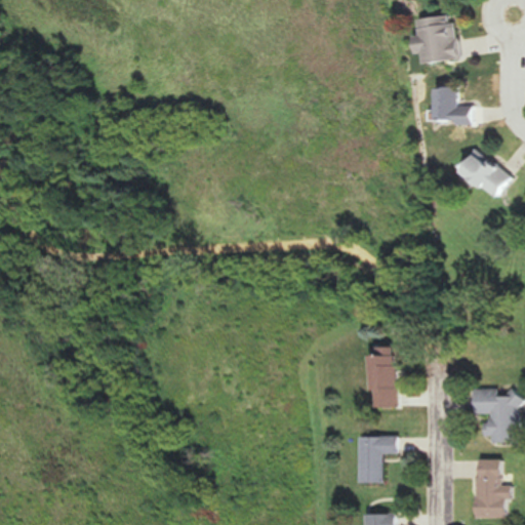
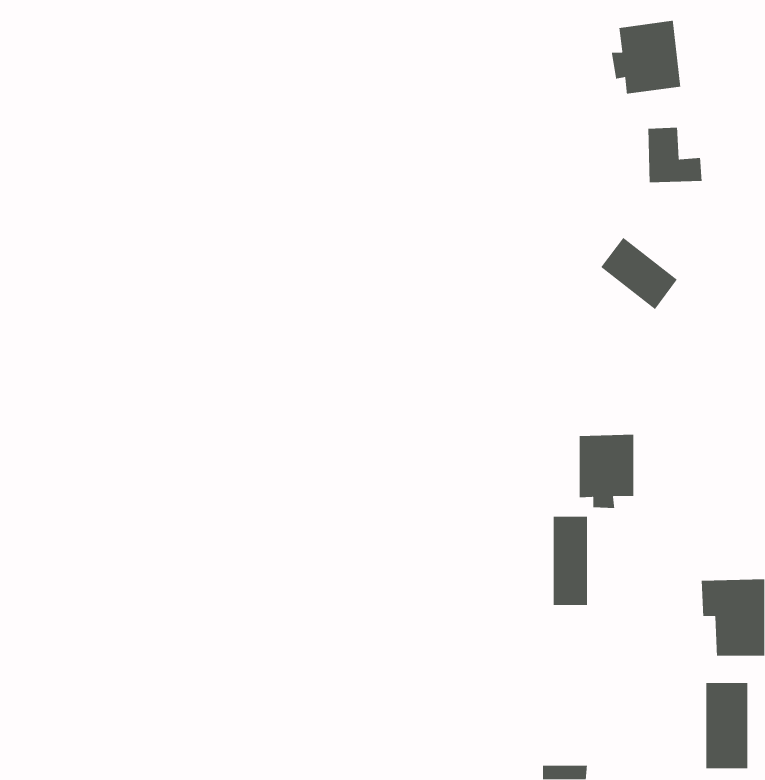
building: [457,149,510,198] -> [600,237,678,310]
building: none -> [579,434,634,509]
building: [357,436,394,482] -> none

